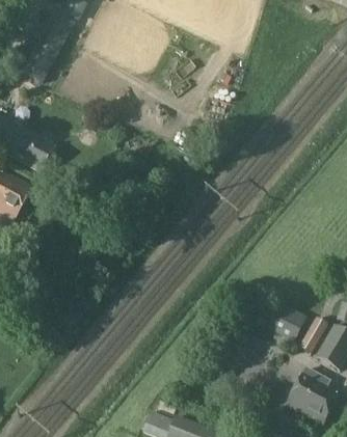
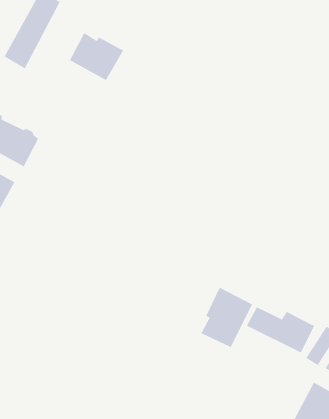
building: none -> [69,32,124,81]
building: none -> [200,287,253,348]

